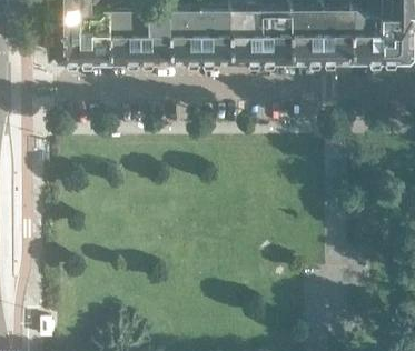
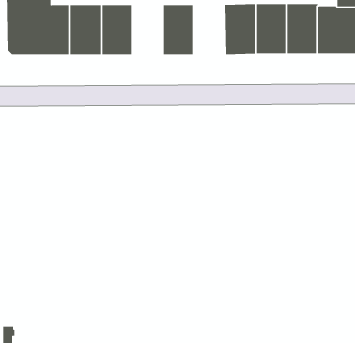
building: [171,13,201,62] -> none
building: [231,13,263,62] -> none

